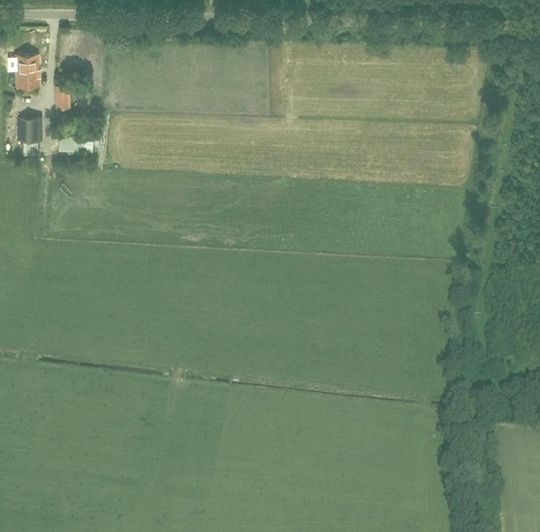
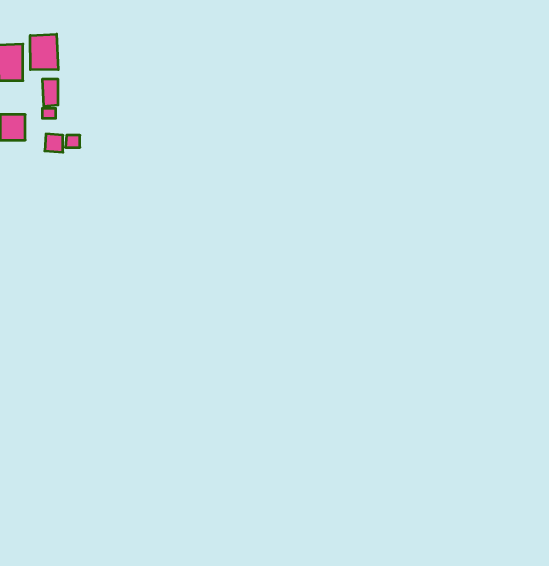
building: none -> [30,34,58,70]

